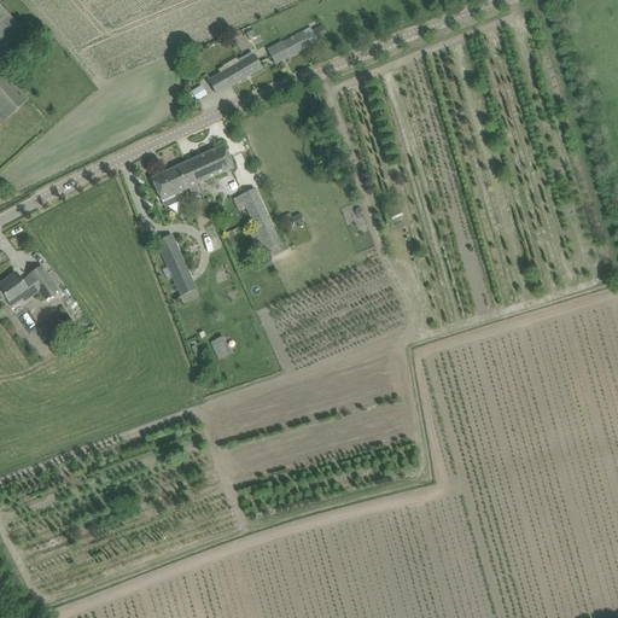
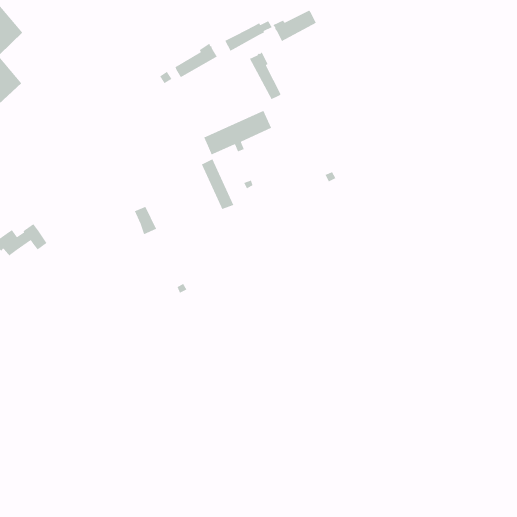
building: none -> [272,10,317,42]
building: none -> [249,51,282,100]
building: [150,145,232,199] -> [203,110,272,155]

